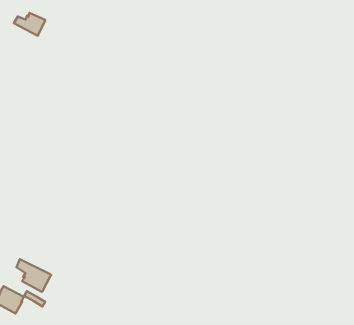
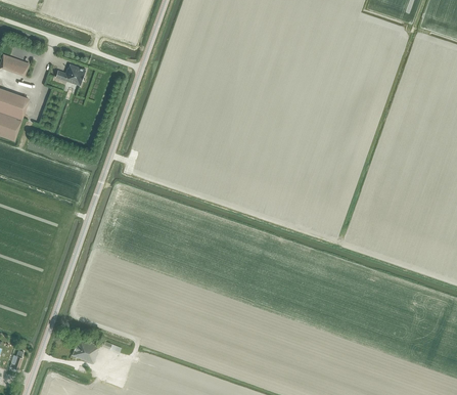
building: [16,259,51,292] -> none

